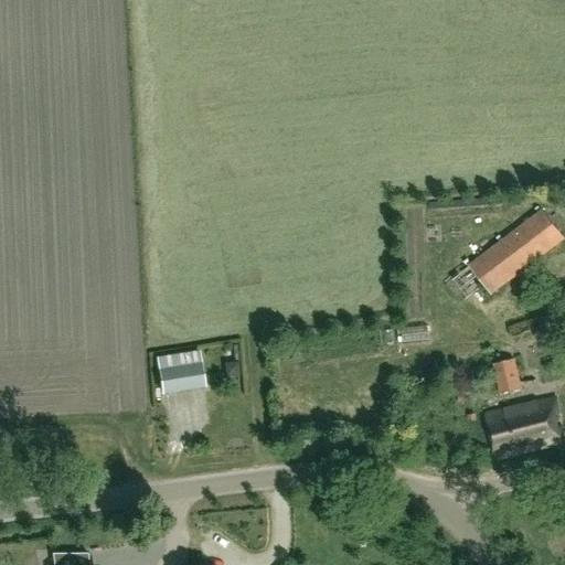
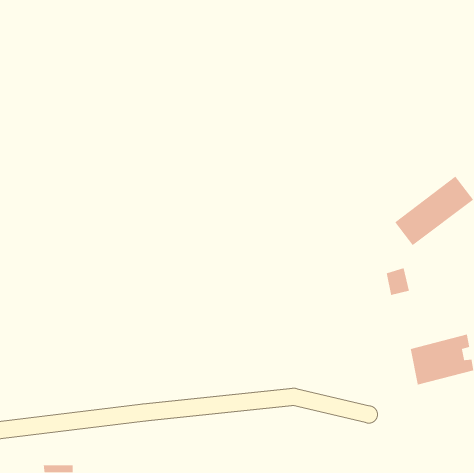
building: [152,350,207,392] -> none
building: [492,356,521,391] -> [386,267,410,296]

